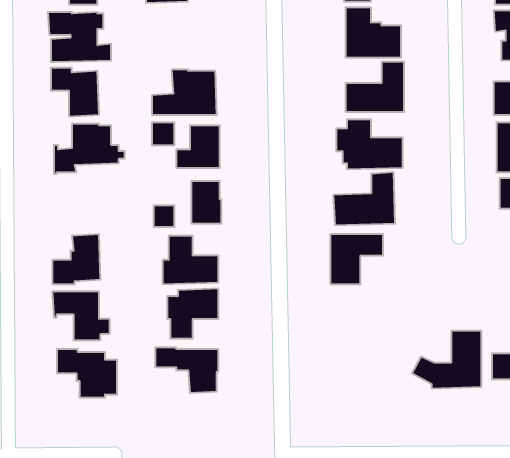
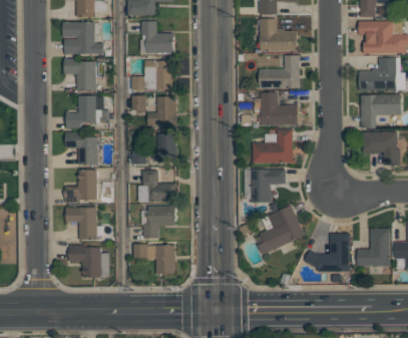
building: none -> [140,20,173,52]
building: none -> [65,131,97,164]
building: none -> [258,205,305,254]

